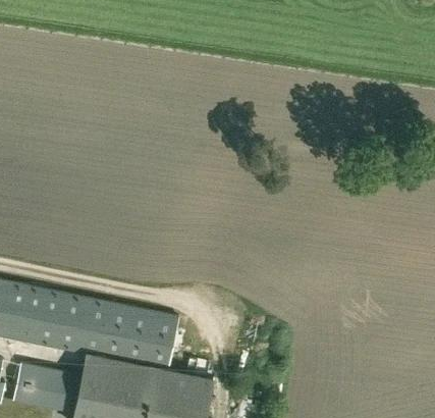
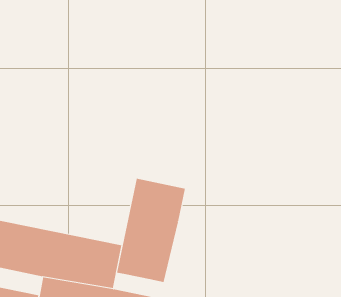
building: none -> [117,178,185,283]

